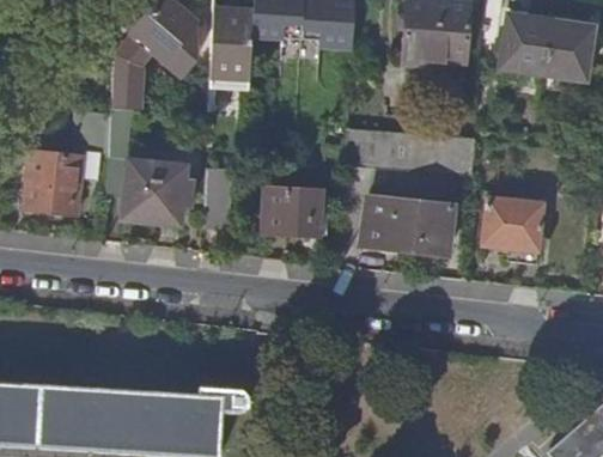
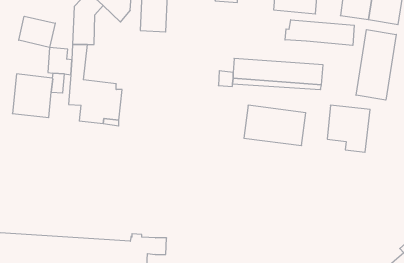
building: none -> [19,16,55,48]
building: none -> [285,20,354,45]
building: none -> [356,30,396,100]
building: [203,167,230,228] -> none
building: [262,188,322,234] -> none

